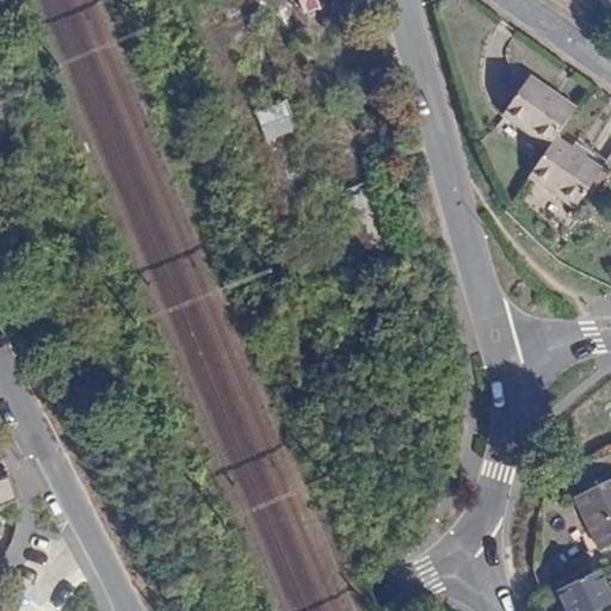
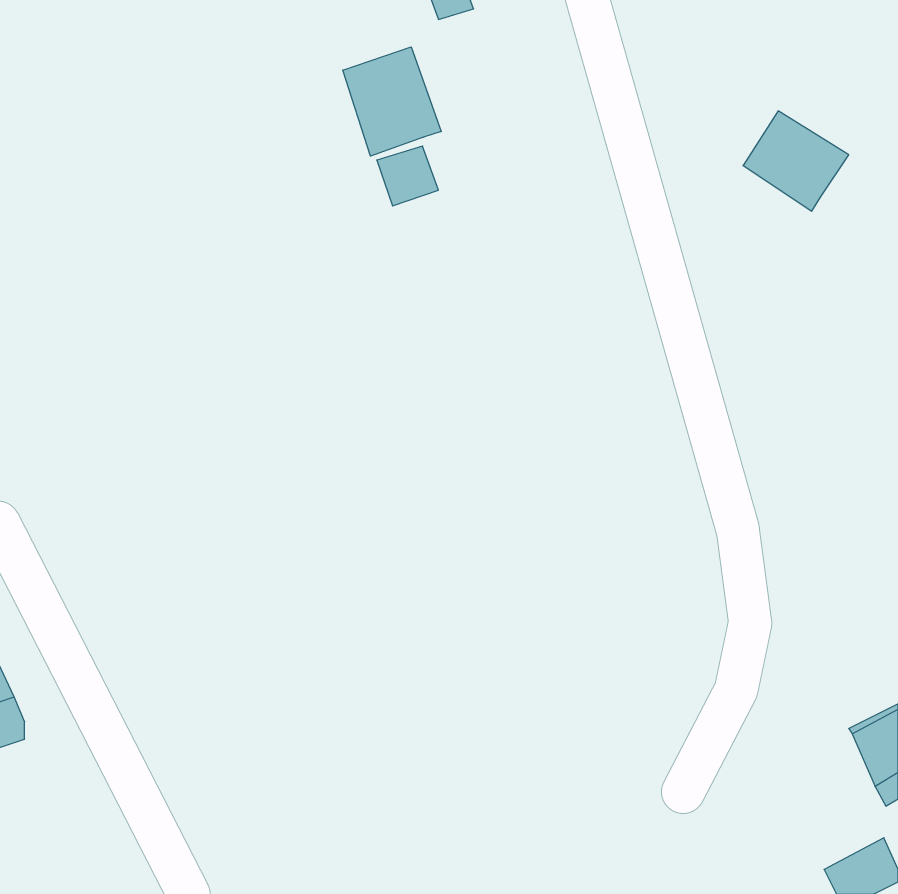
building: none -> [343,47,441,156]
building: [531,134,603,204] -> none

